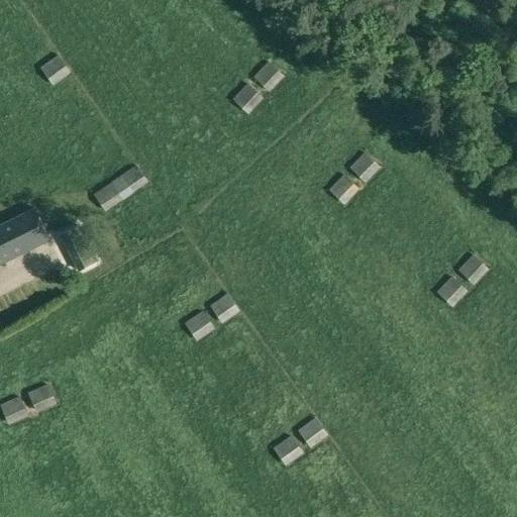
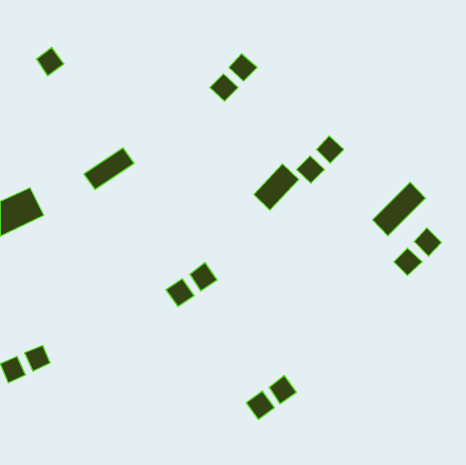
building: none -> [254,164,299,210]
building: none -> [373,182,426,236]

